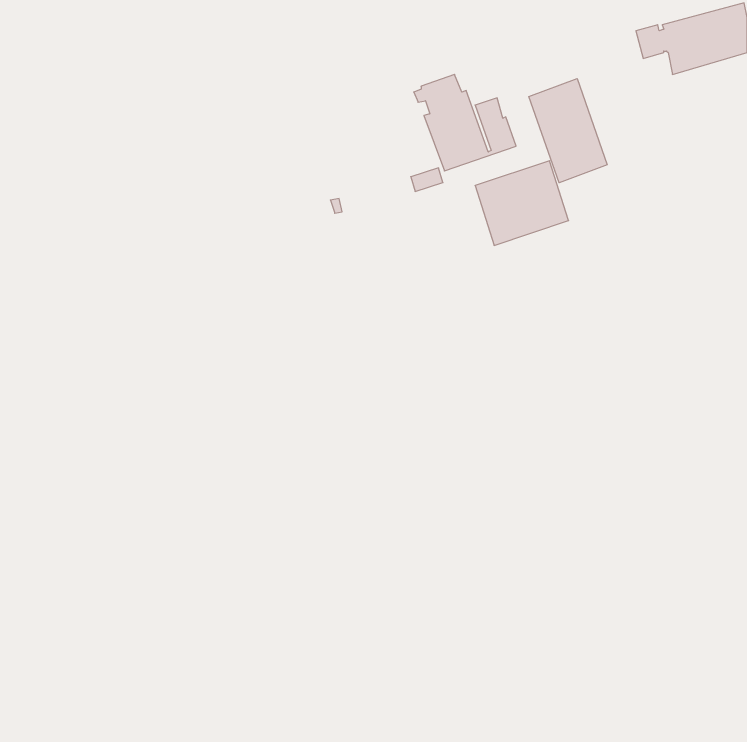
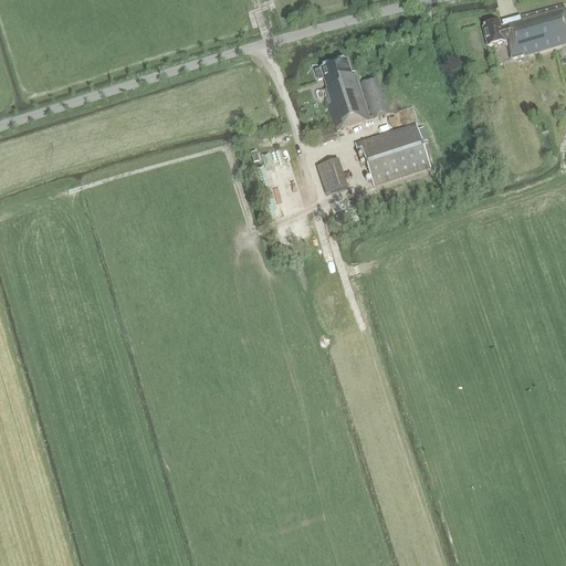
building: [529,79,607,183] -> none
building: none -> [316,156,348,192]

